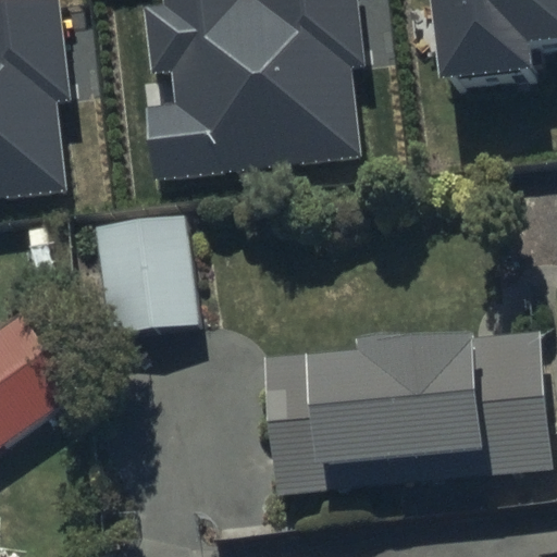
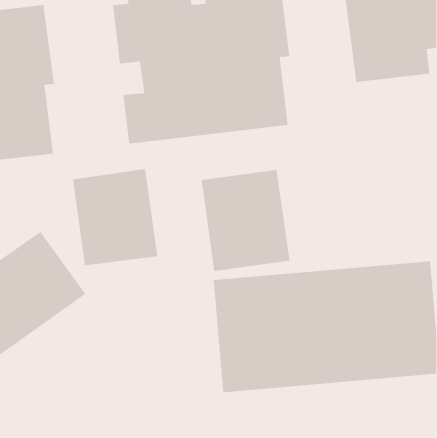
building: none -> [201,169,290,272]

